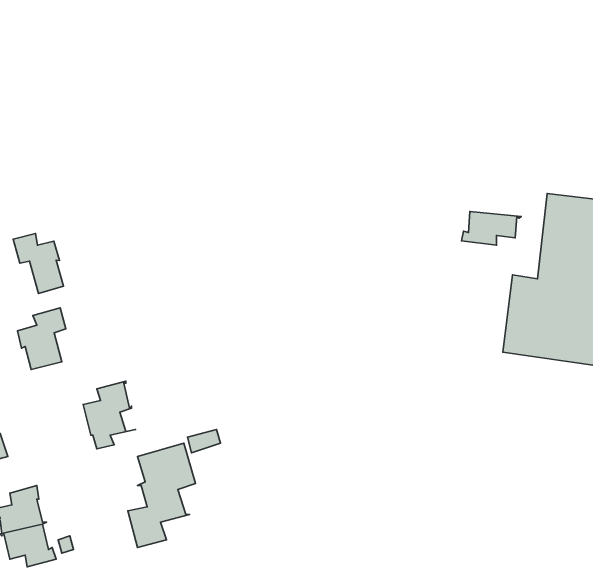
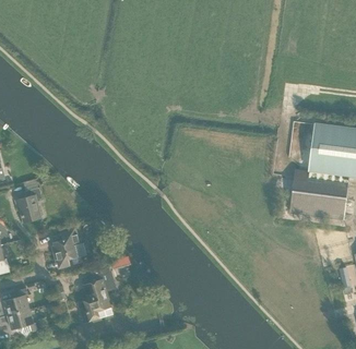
building: [461,211,521,245] -> none
building: [13,234,63,294] -> none

